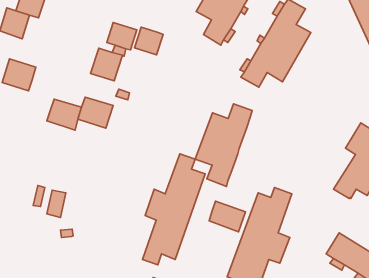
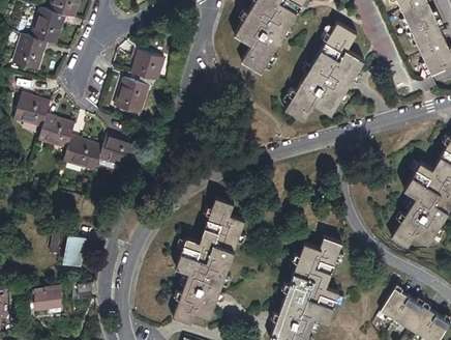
building: [134,27,163,55] -> none
building: none -> [38,113,74,147]
building: [195,104,252,186] -> none
building: [209,201,246,232] -> none
building: none -> [35,292,60,309]

